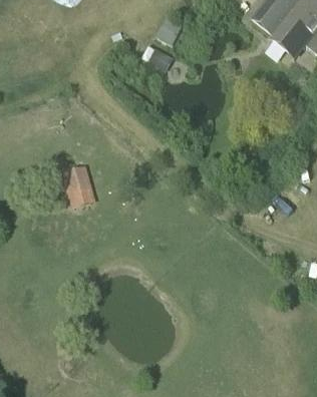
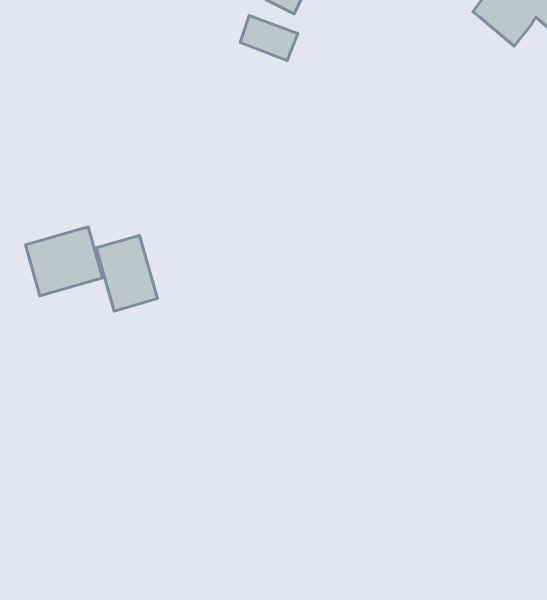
building: none -> [26,227,103,296]

